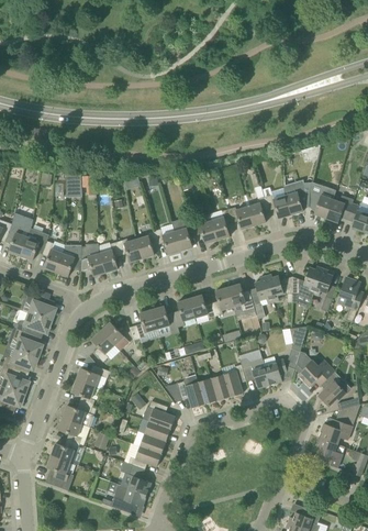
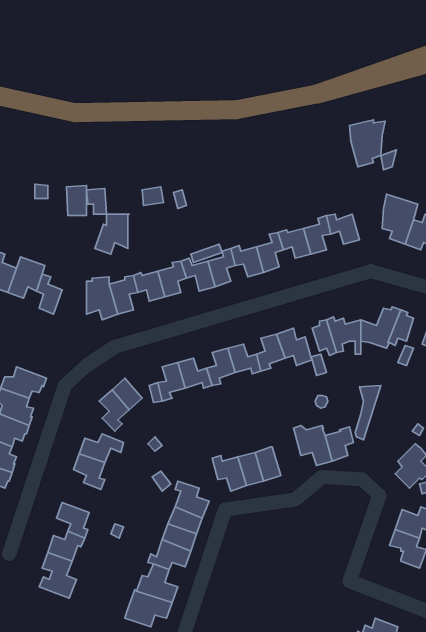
building: [285,178,312,214] -> [349,120,385,167]
building: [56,245,82,276] -> [95,214,129,254]
building: [25,291,54,321] -> none
building: [294,351,335,386] -> none
building: [221,364,246,396] -> none
building: [63,401,97,427] -> none

